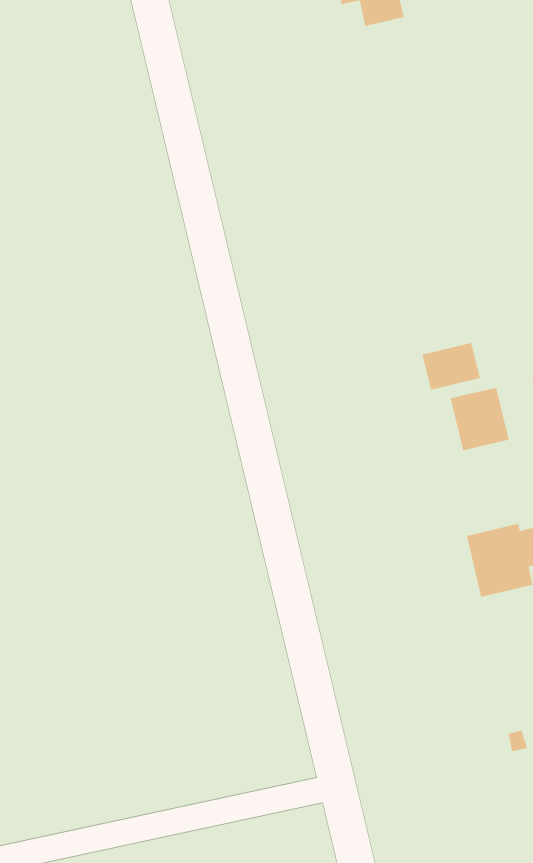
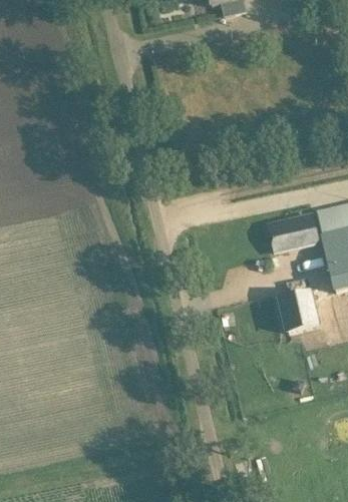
building: [422,342,481,390] -> none

